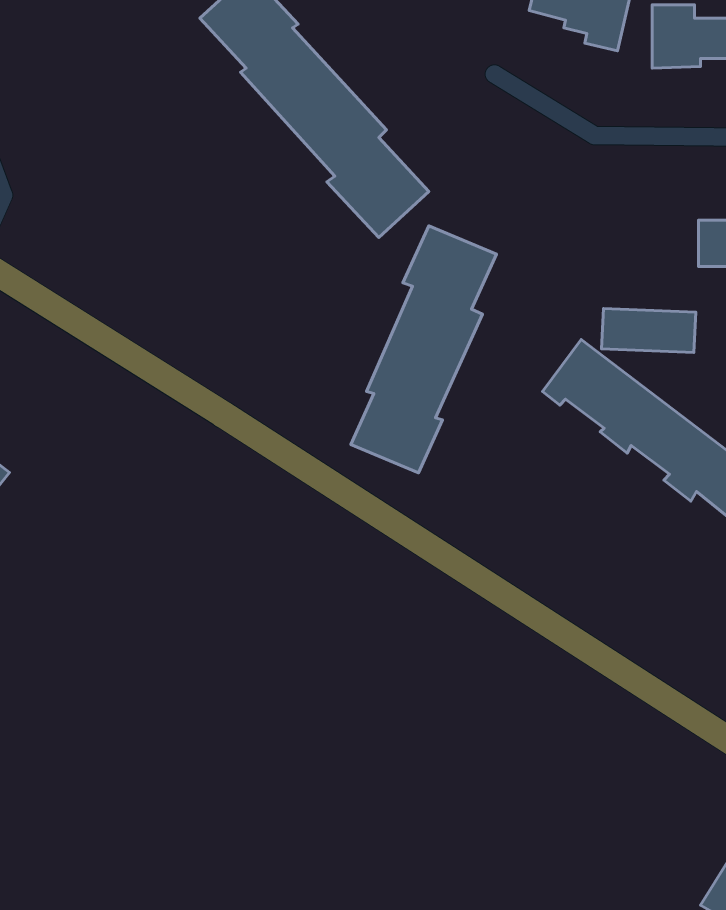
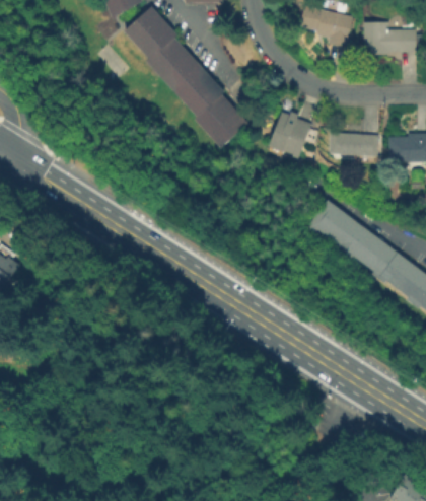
building: none -> [268,111,312,158]
building: [351,226,497,473] -> none
building: [602,308,696,353] -> [329,133,378,156]

